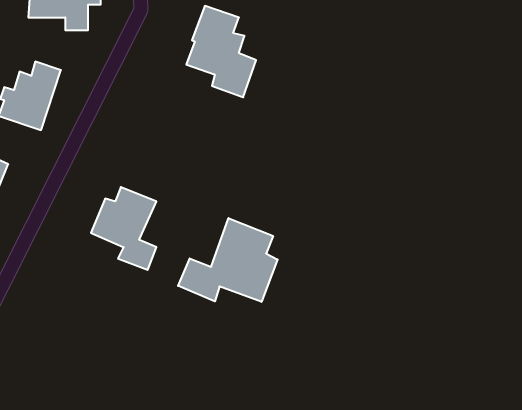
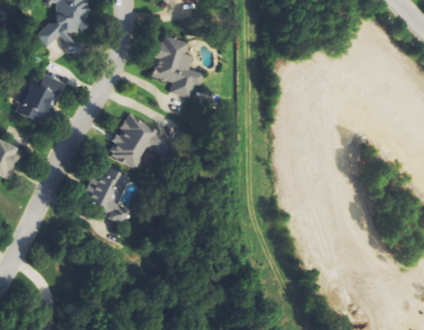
building: none -> [106,113,156,168]
building: [178,218,278,302] -> none

